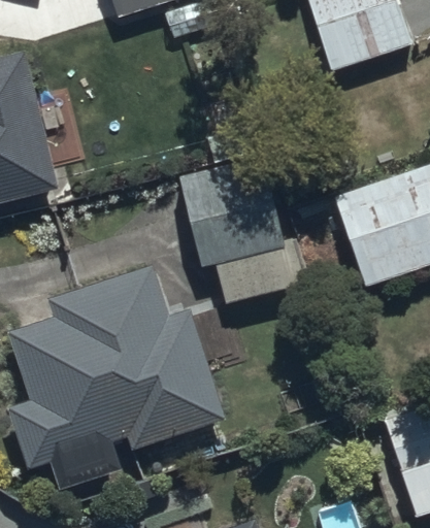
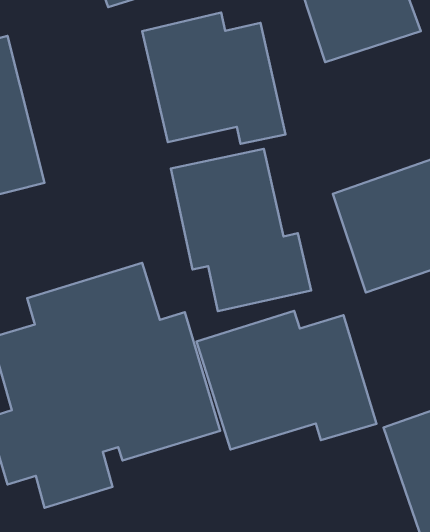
building: none -> [142,13,285,144]
building: none -> [197,311,376,449]

